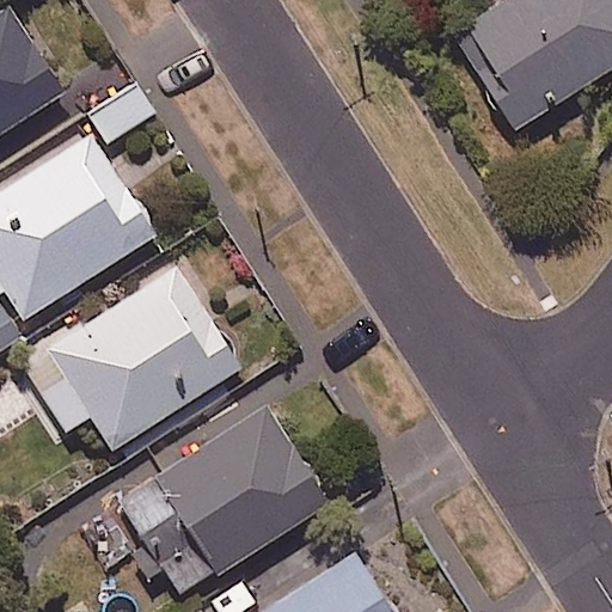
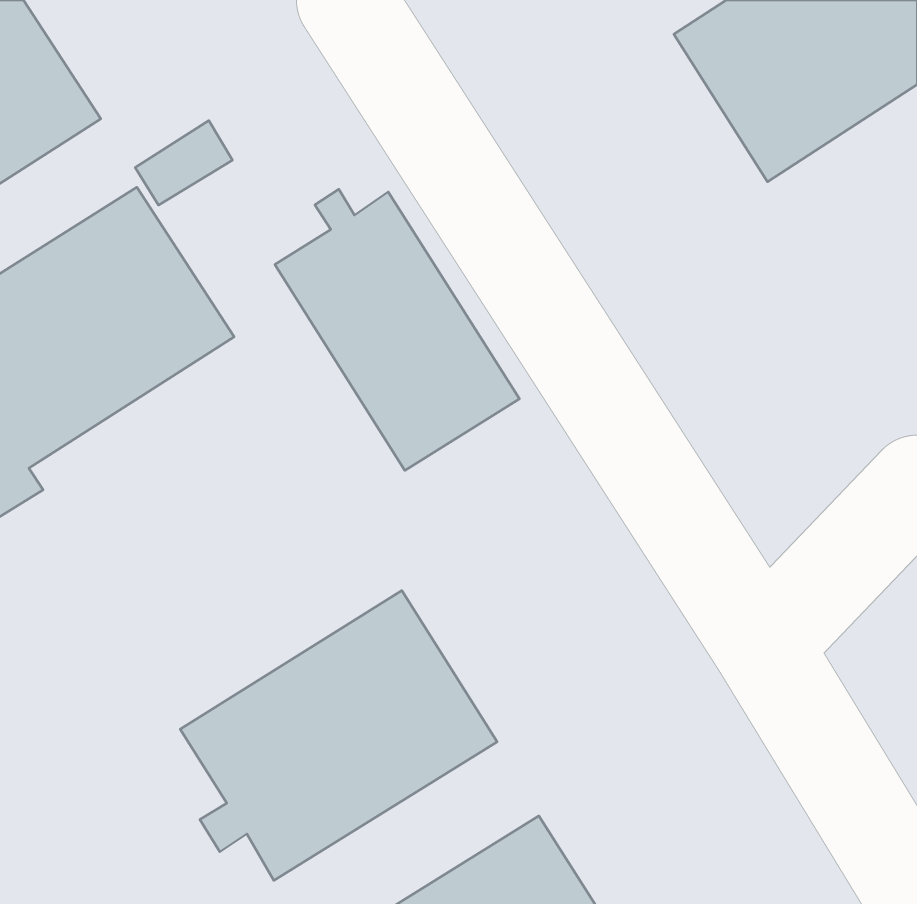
building: none -> [275,189,519,470]
building: [23,267,241,448] -> none

